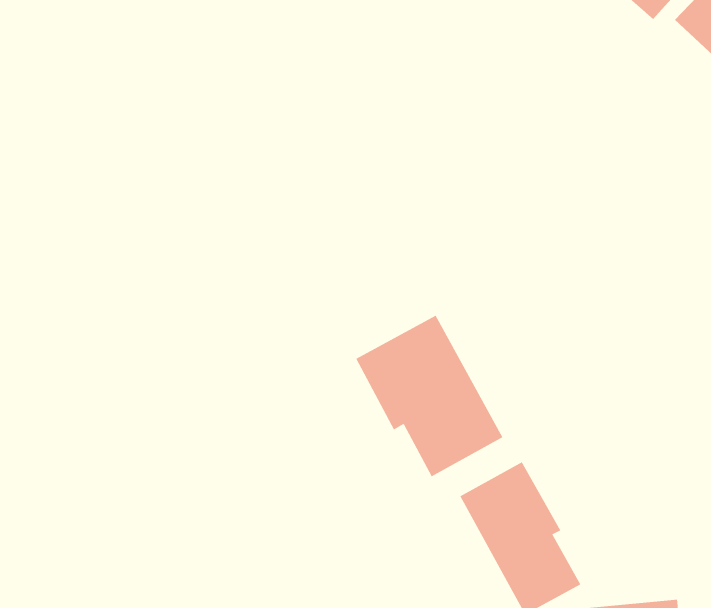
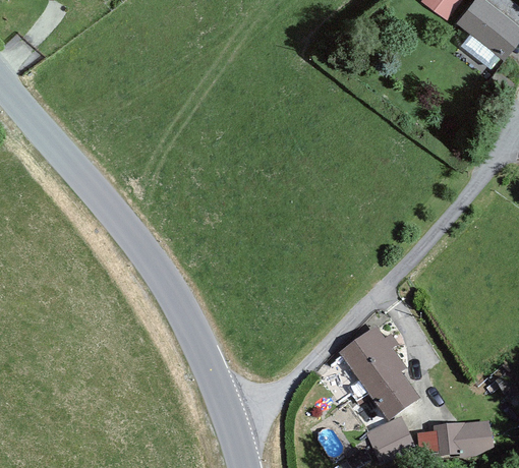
building: [356,315,503,477] -> none

